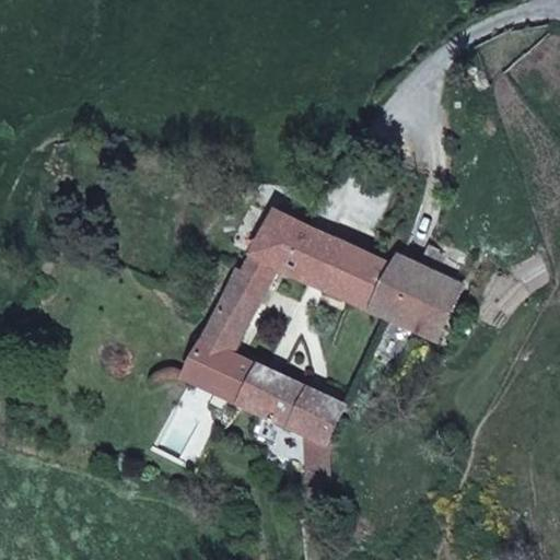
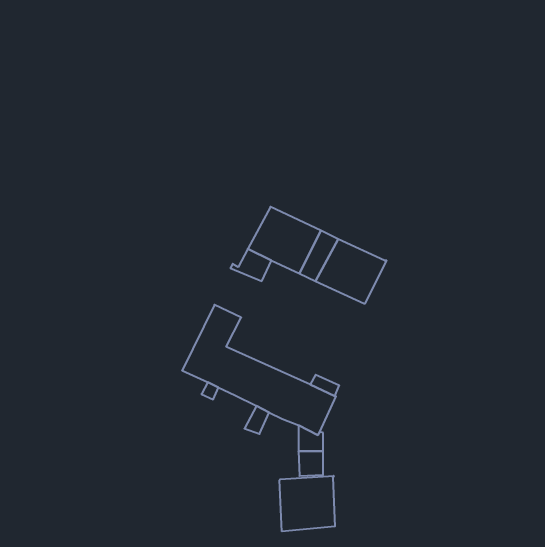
building: [371,255,456,337] -> none
building: [218,272,266,323] -> none
building: none -> [280,476,335,531]

